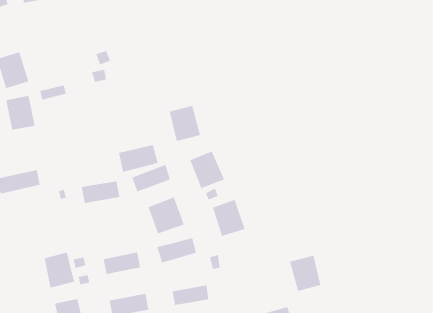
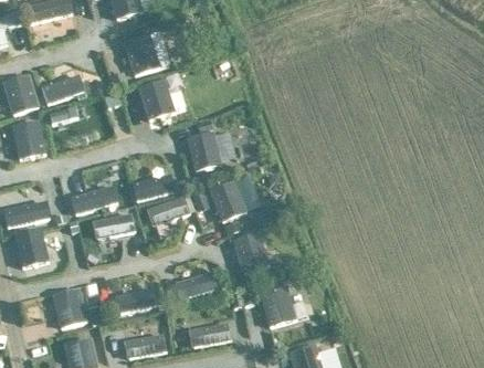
building: none -> [124,34,159,74]
building: none -> [41,74,85,103]
building: none -> [138,78,175,119]
building: none -> [69,182,117,213]
building: none -> [14,227,48,265]
building: [148,197,184,234] -> none
building: [289,255,321,291] -> [260,286,294,325]

